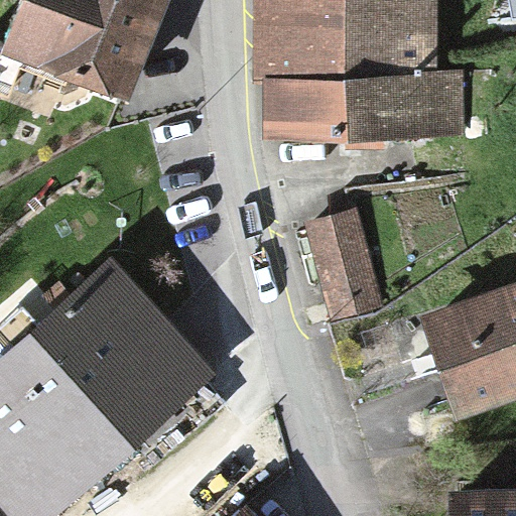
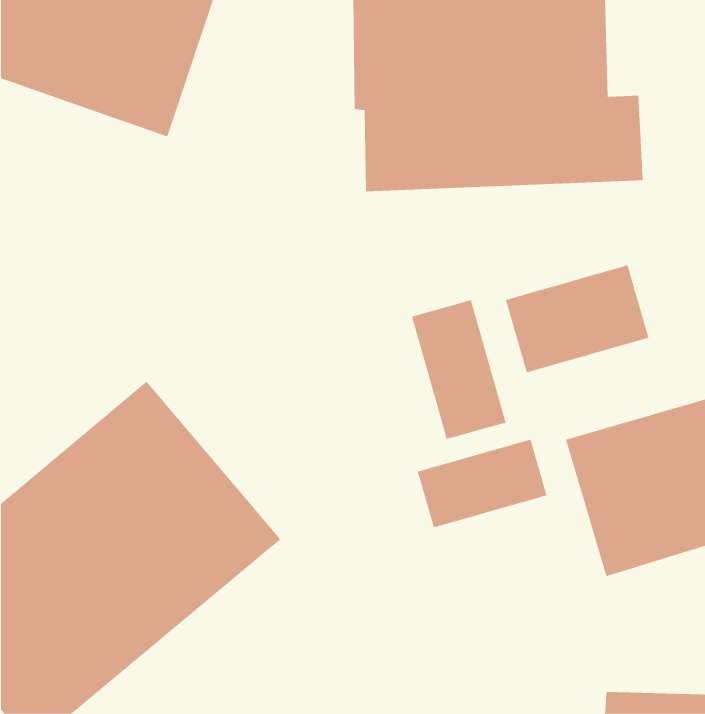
building: none -> [505,265,649,373]
building: none -> [417,439,547,528]

